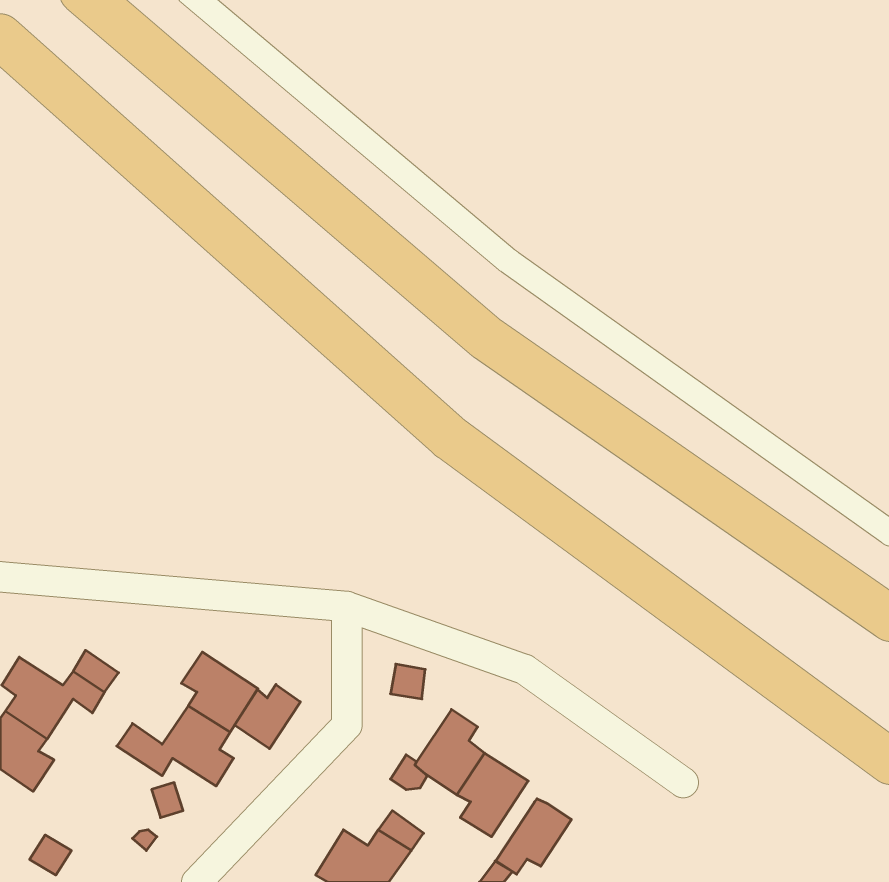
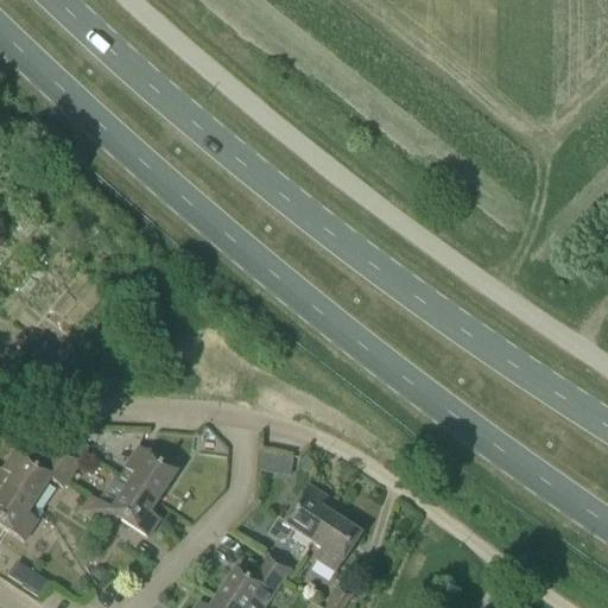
building: [234,684,300,749] -> none
building: [496,799,571,874] -> none

